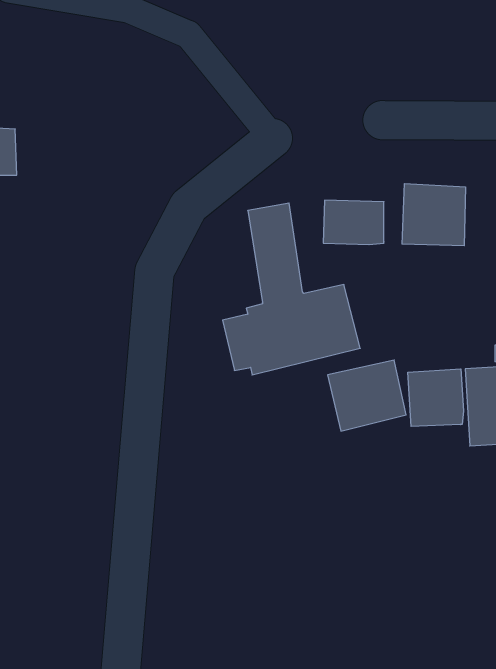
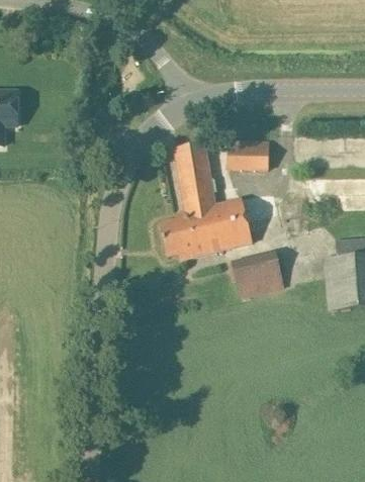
building: [402,184,465,246] -> none
building: [408,369,464,426] -> none

